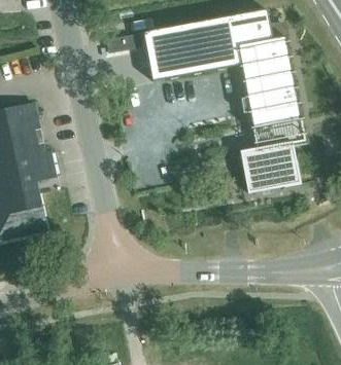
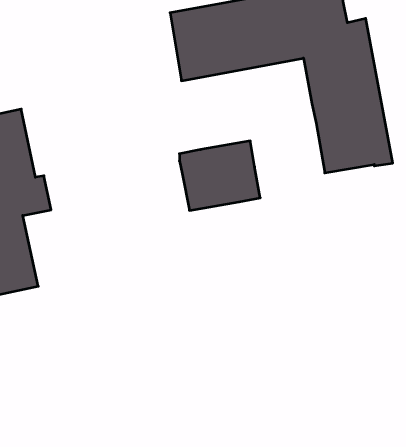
building: [240,142,299,192] -> [179,141,260,210]

